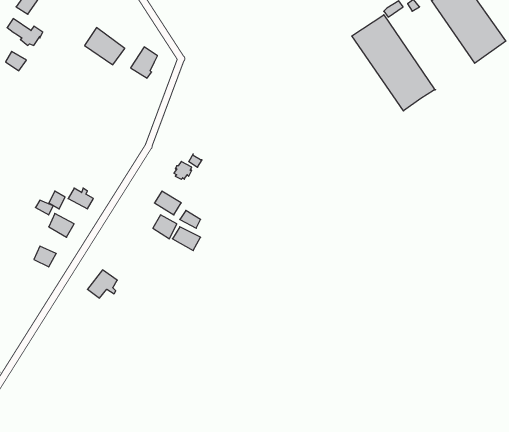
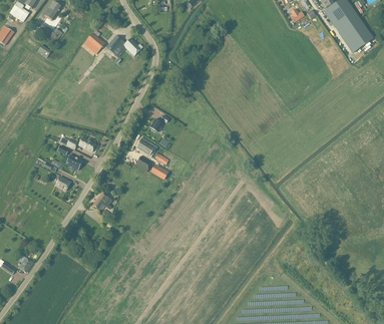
building: [352,15,436,111] -> none

